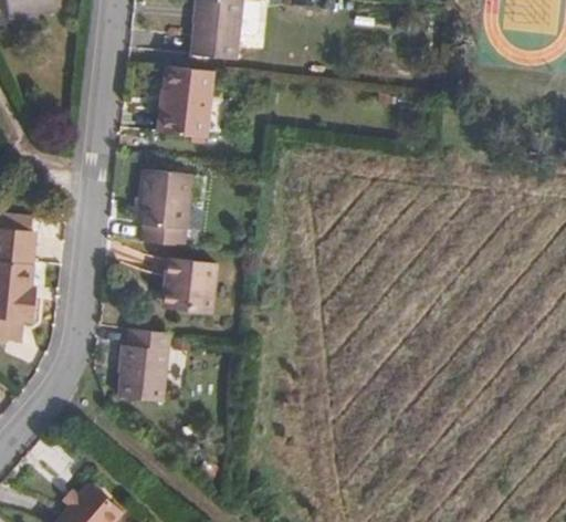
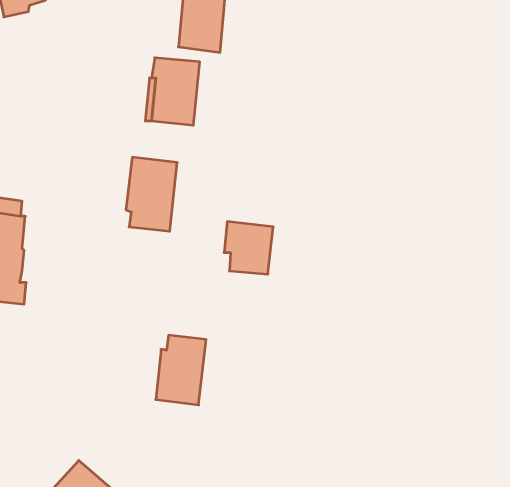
building: [163,258,213,312] -> [224,222,273,274]
building: [117,330,169,401] -> [156,335,206,405]

